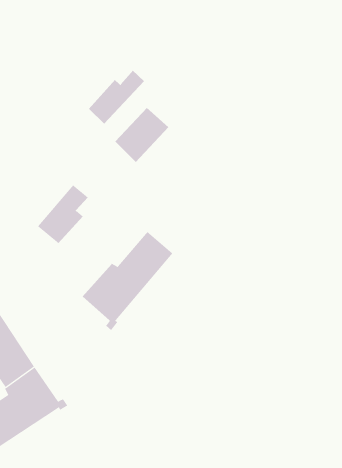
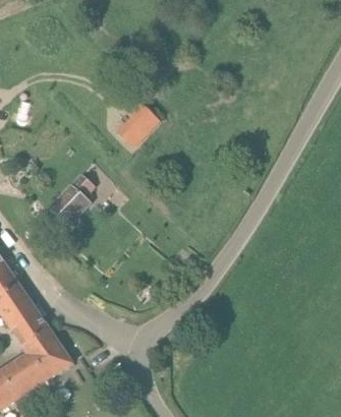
building: [88,70,145,124] -> none
building: [82,231,173,331] -> none

